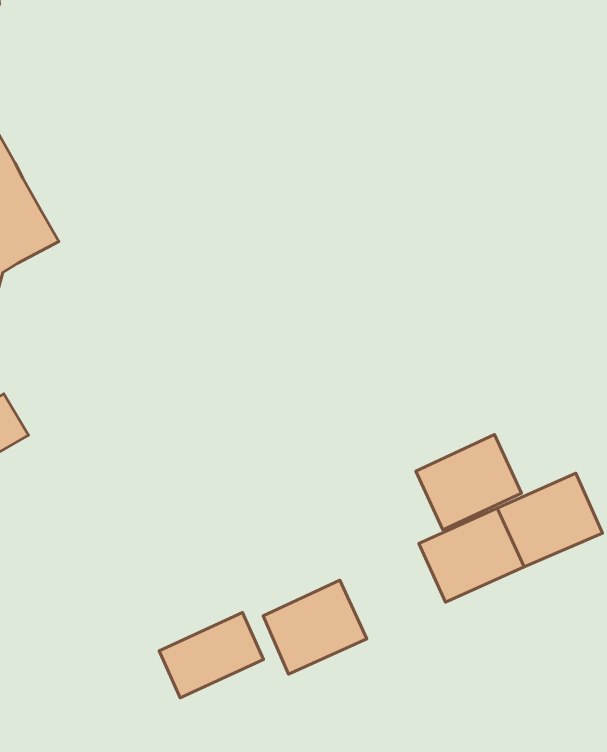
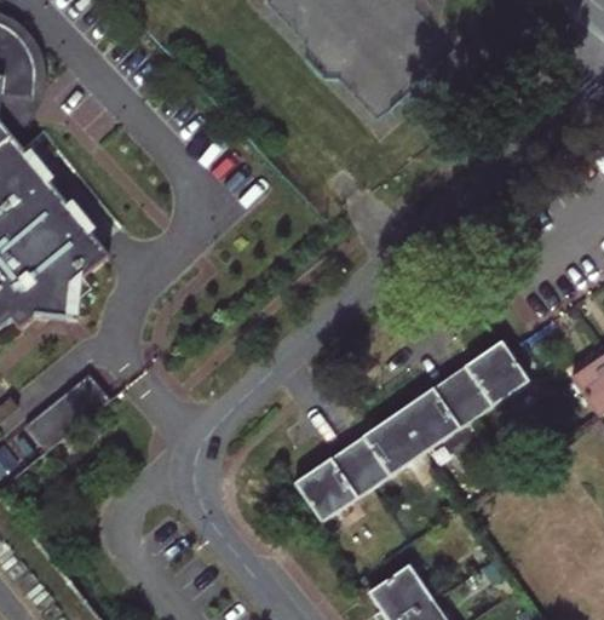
building: [416,434,521,530] -> [343,414,421,489]
building: [159,612,264,698] -> none

